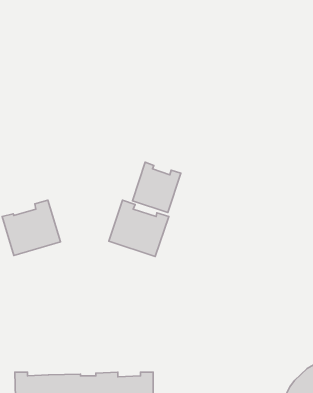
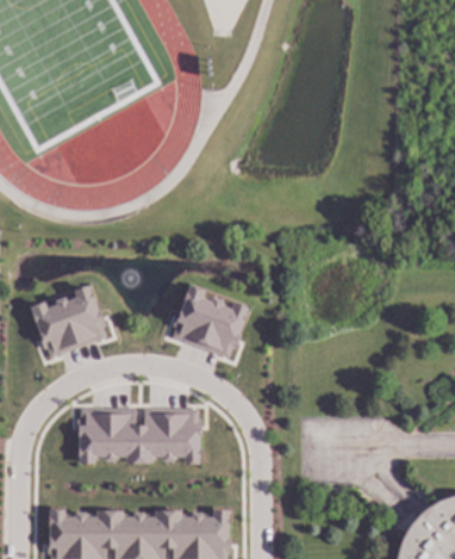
building: [132,162,181,213] -> none
building: none -> [77,409,200,465]

